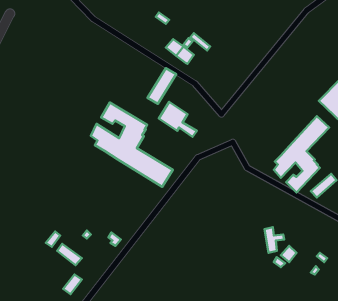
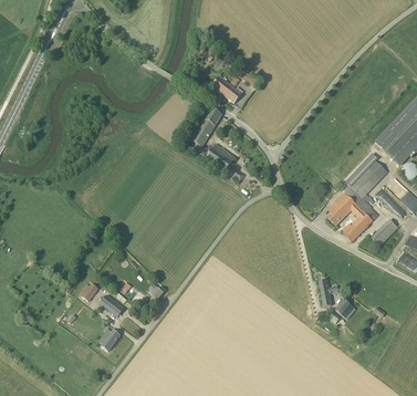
building: [91,102,173,187] -> none

